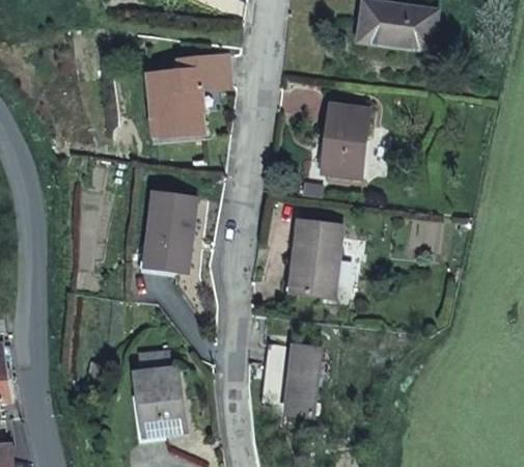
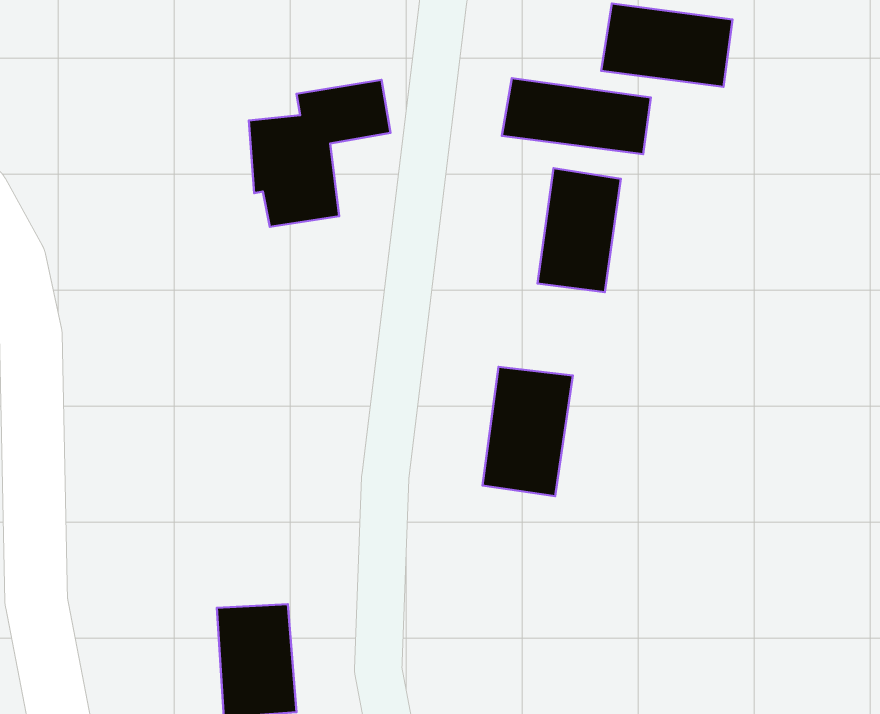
building: none -> [502,78,651,154]
building: [144,191,196,270] -> none
building: [255,339,316,415] -> none

